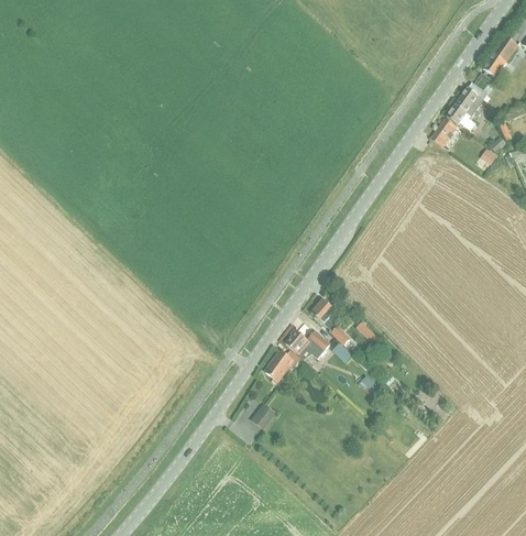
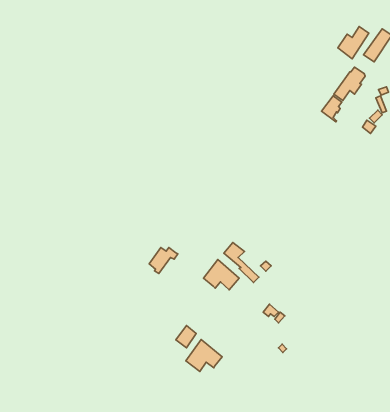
building: none -> [338,27,369,59]
building: [265,351,300,383] -> [149,248,178,274]
building: none -> [186,340,222,371]

